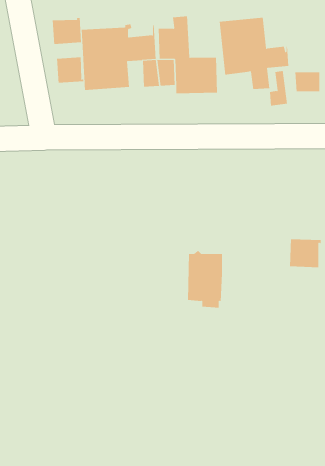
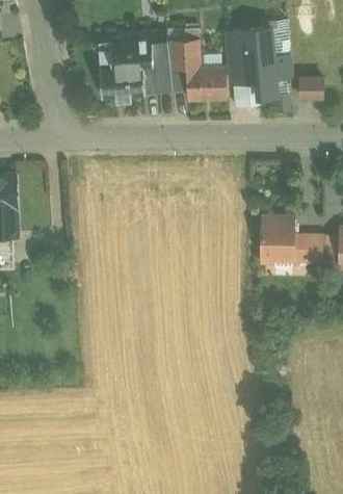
building: [52,17,82,45] -> none
building: [56,57,84,84] -> none
building: [187,250,223,308] -> [261,213,294,267]

